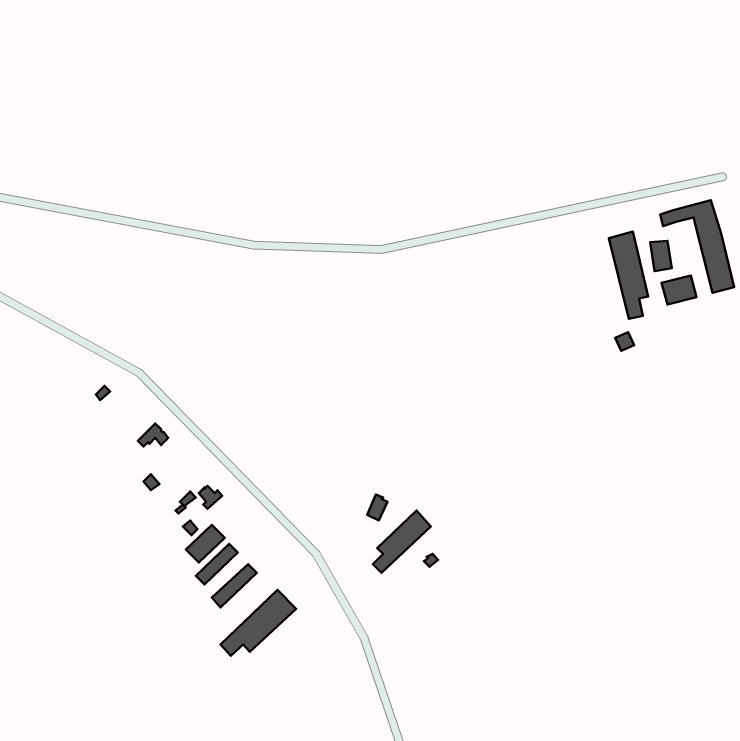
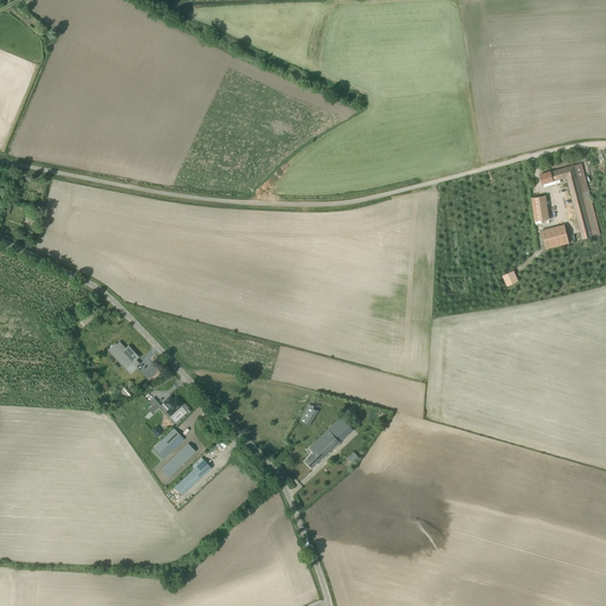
building: [609,232,648,319] -> none
building: [221,590,296,656] -> none

